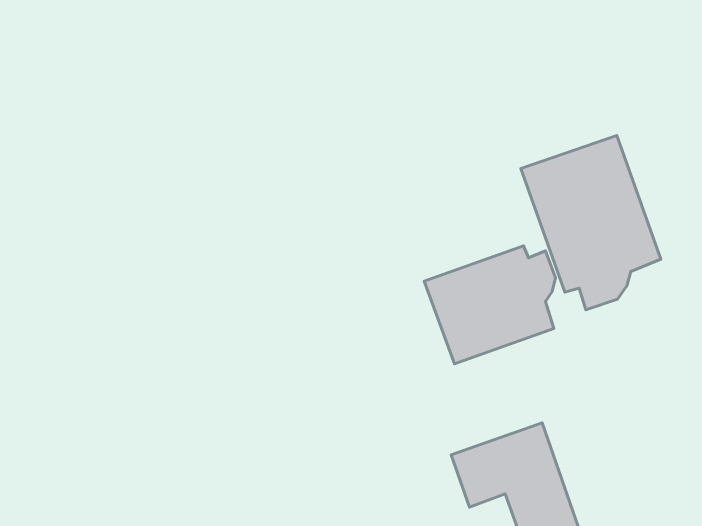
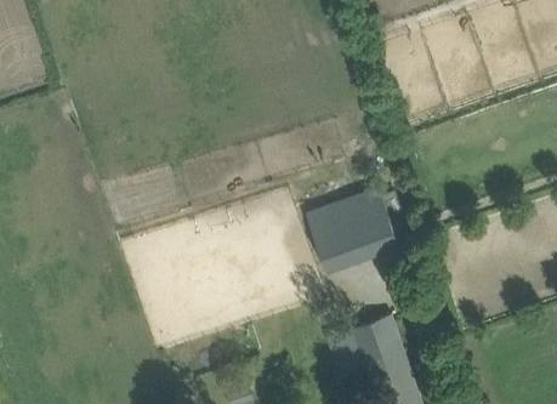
building: [521,135,661,310] -> none

